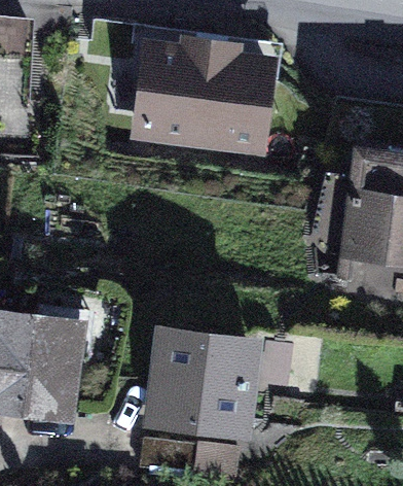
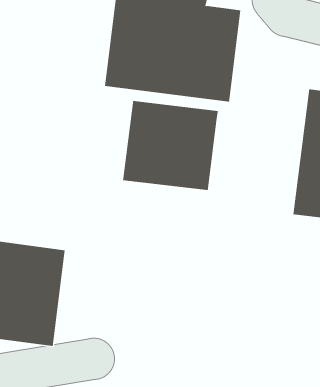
building: none -> [123,100,218,191]
building: [144,324,263,440] -> none

